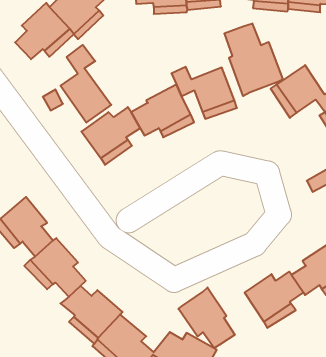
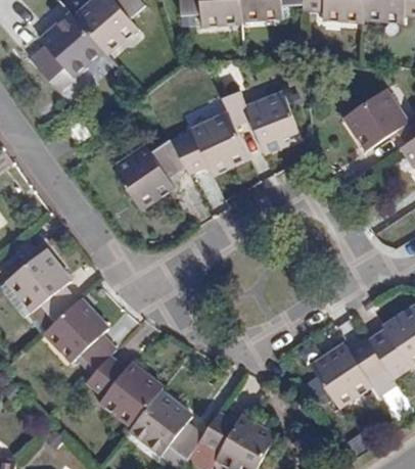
building: [224,23,283,96] -> none
building: [61,45,111,123] -> none
building: [178,287,235,348] -> none

